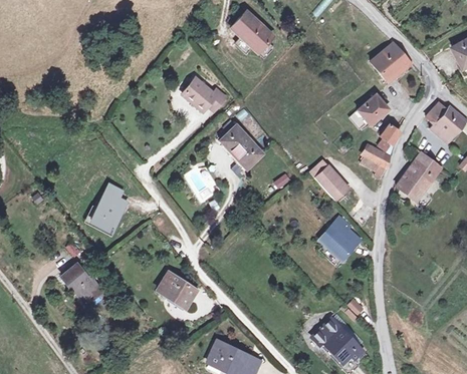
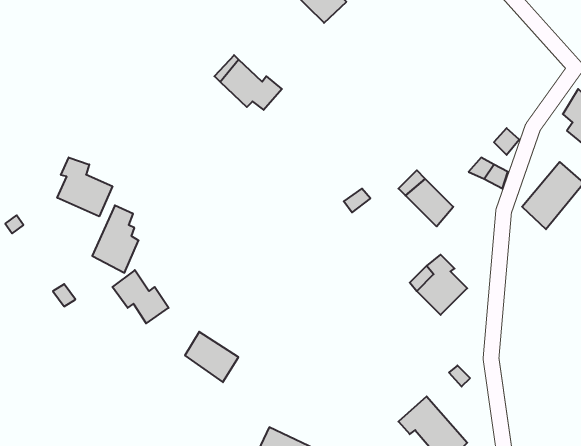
building: [370,44,410,83] -> none
building: [354,95,384,124] -> none
building: [221,127,261,170] -> none
building: none -> [57,157,112,216]
building: [62,266,102,304] -> [112,270,169,323]

